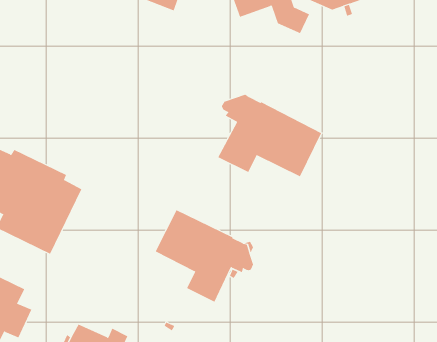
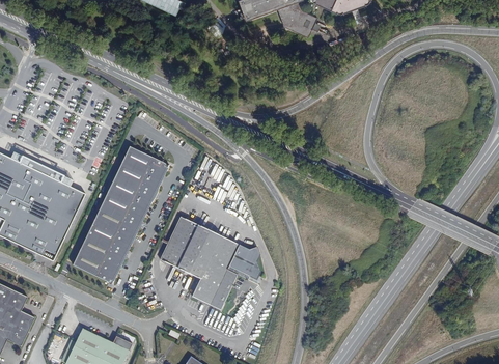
building: [218,94,322,177] -> none
building: none -> [72,145,169,283]

